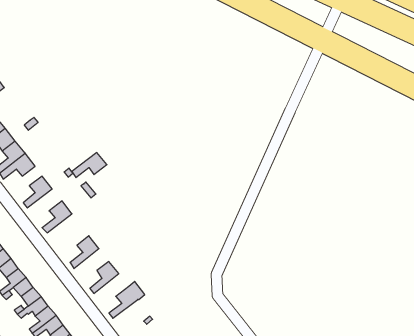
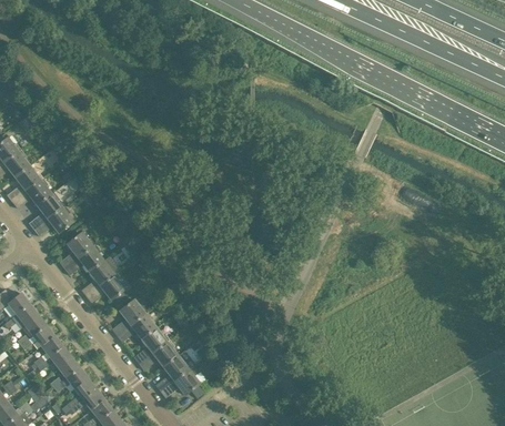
building: [72,153,107,178] -> [64,246,103,274]
building: none -> [87,274,125,302]
building: none -> [117,313,155,341]
building: none -> [139,341,178,368]
building: none -> [160,369,199,396]

